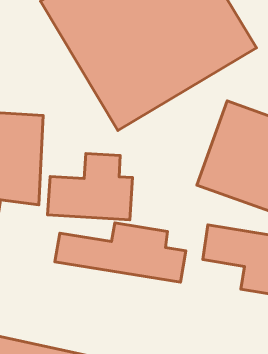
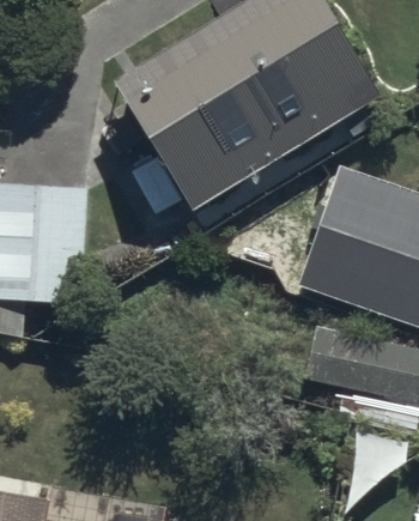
building: [48,153,133,220] -> none
building: [55,223,186,282] -> none

